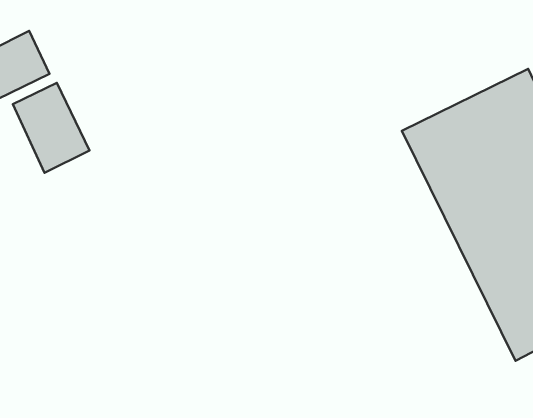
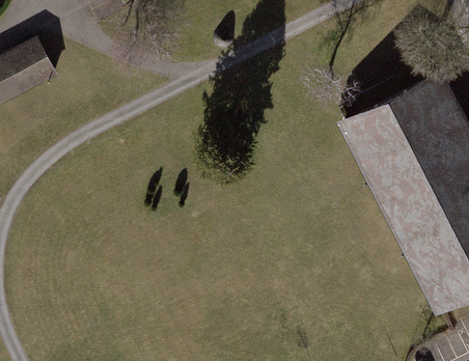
building: [13,83,89,173] -> none

